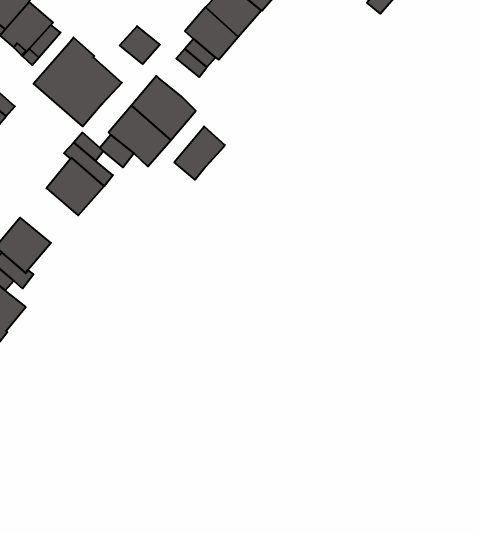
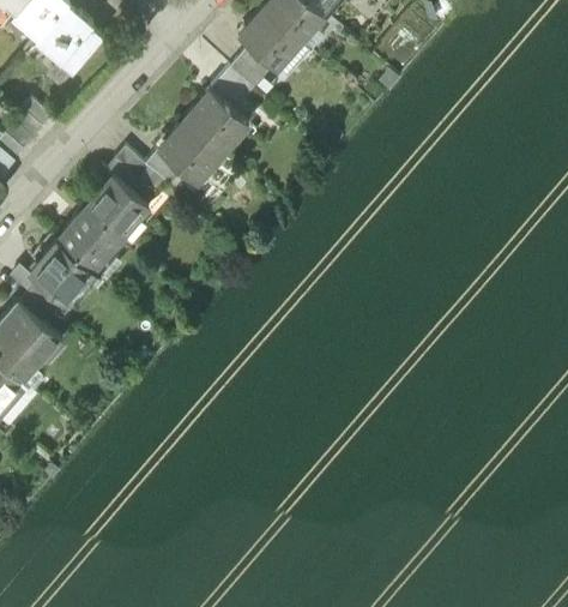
building: [120,26,160,64] -> [210,67,254,109]
building: [34,37,122,126] -> none
building: [174,126,225,180] -> none
building: none -> [58,210,121,274]

